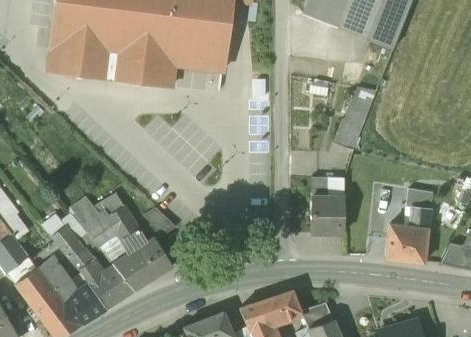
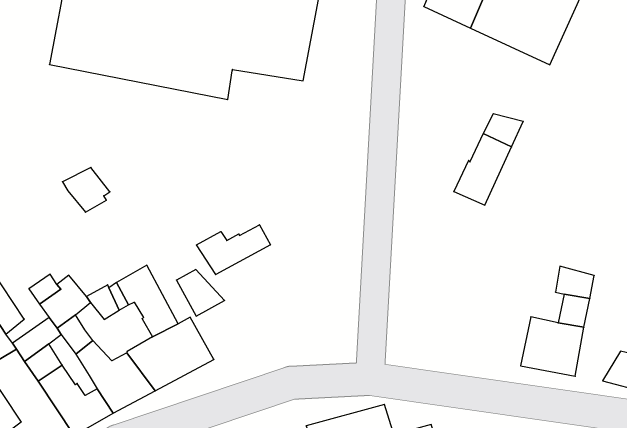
building: none -> [196,225,270,275]
building: [312,177,344,234] -> none
building: [67,197,100,228] -> [62,167,110,212]

